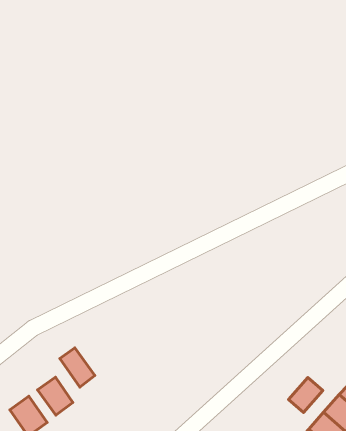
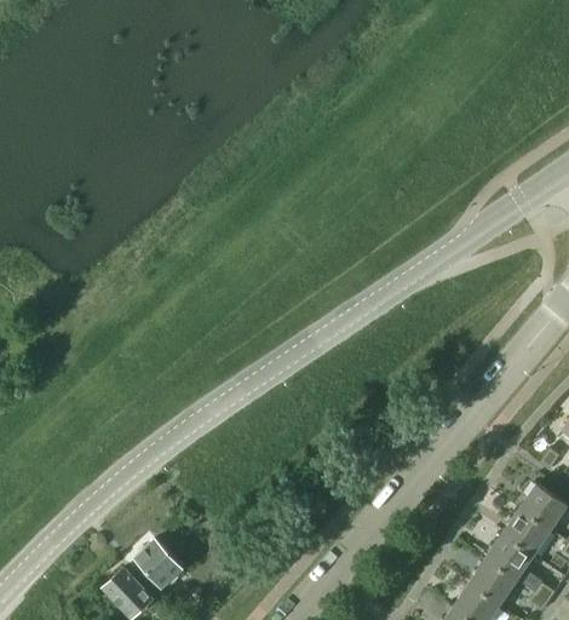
building: [60,348,95,387] -> none
building: [289,377,323,412] -> none

